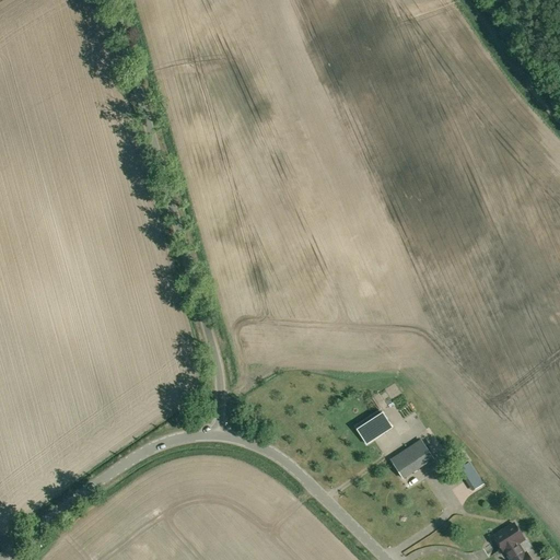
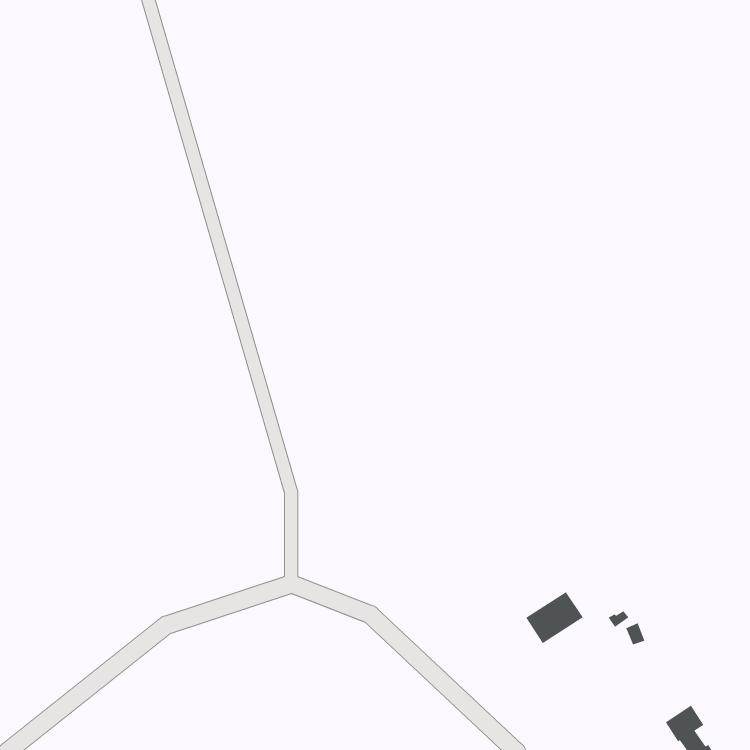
building: [353,412,388,444] -> none

